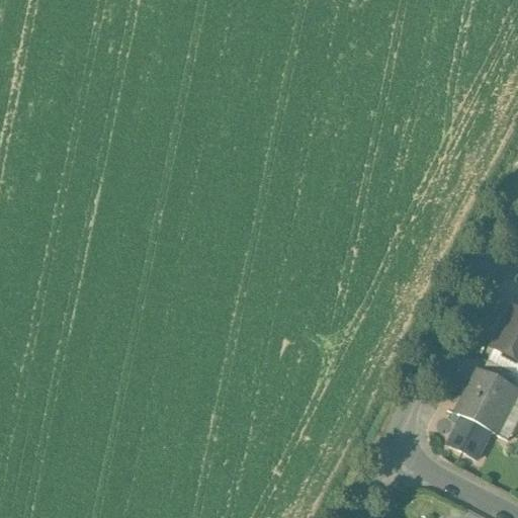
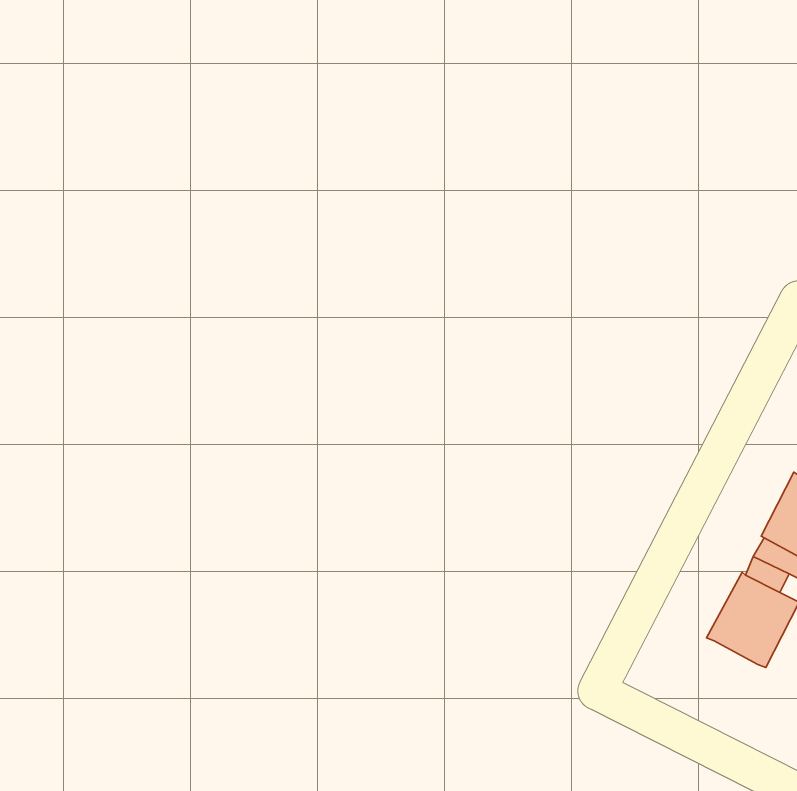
building: [449,415,492,457] -> none

